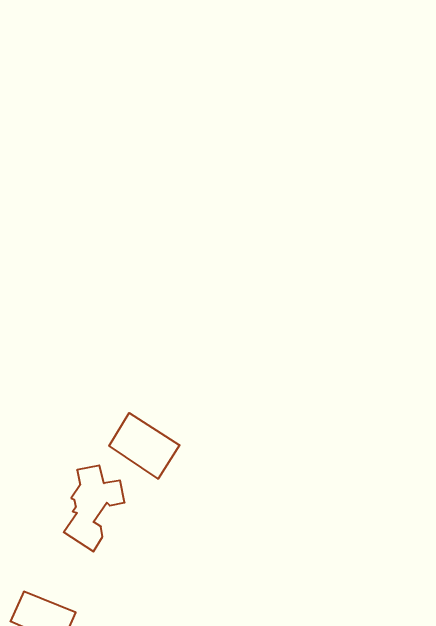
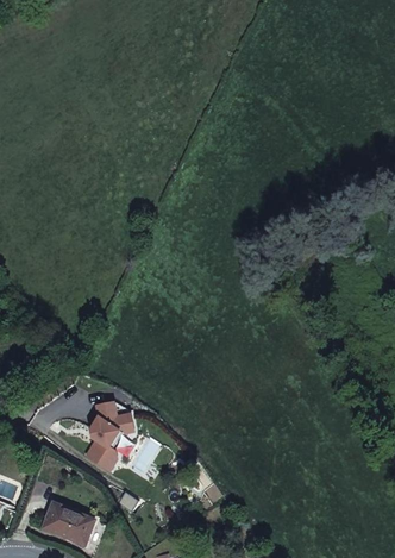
building: [109,413,180,479] -> none

